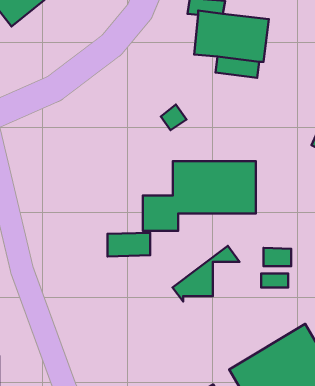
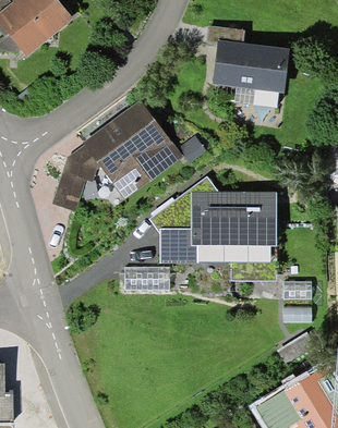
building: none -> [51,99,182,210]
building: [172,246,240,302] -> [149,176,218,233]

